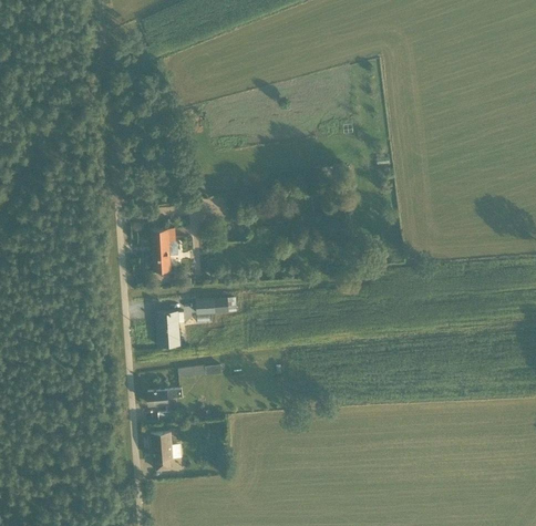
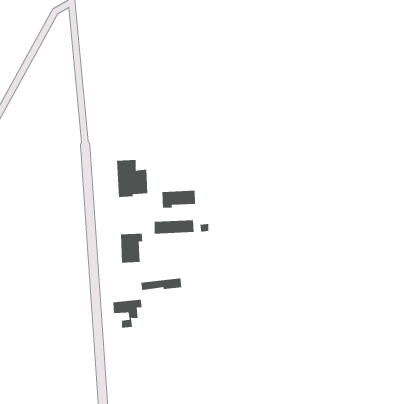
building: none -> [162,190,196,208]
building: [151,432,173,471] -> none

